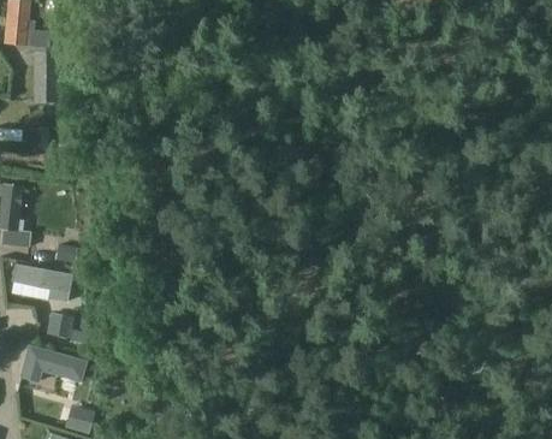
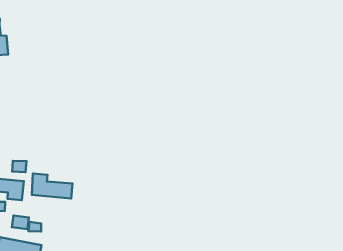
building: none -> [32,174,73,199]

